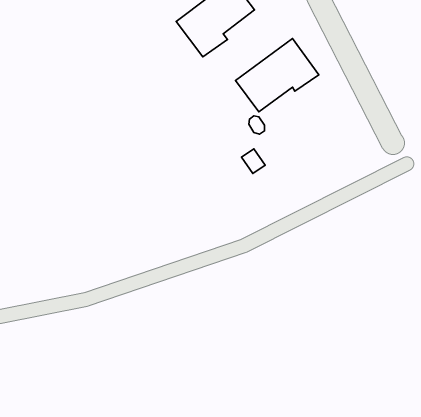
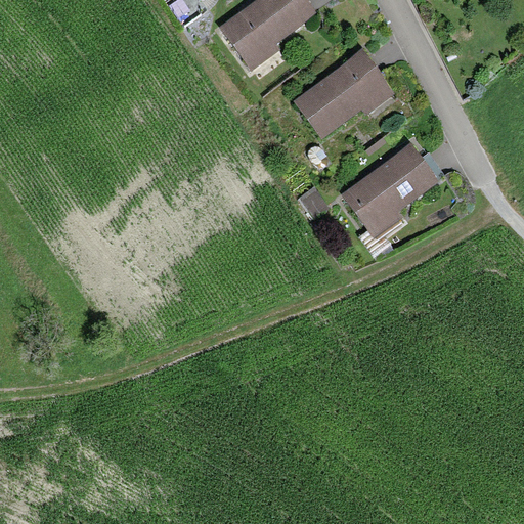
building: none -> [342,142,439,237]

